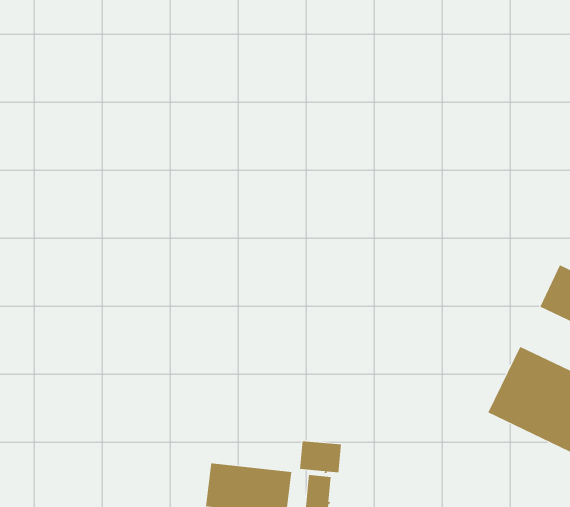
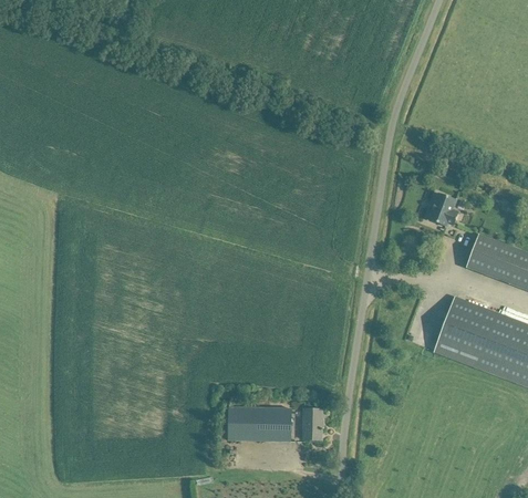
building: none -> [428,191,459,226]
building: [300,440,341,474] -> none

